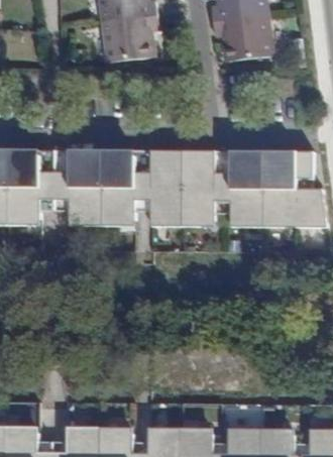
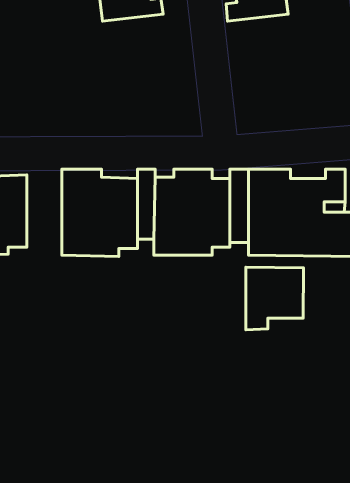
building: [106,17,160,65] -> none
building: [214,17,271,63] -> none
building: [40,151,71,211] -> none
building: none -> [246,267,303,330]

